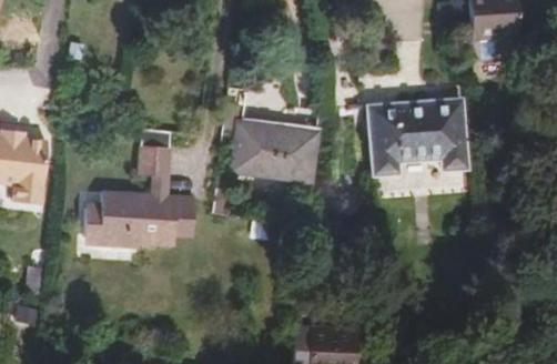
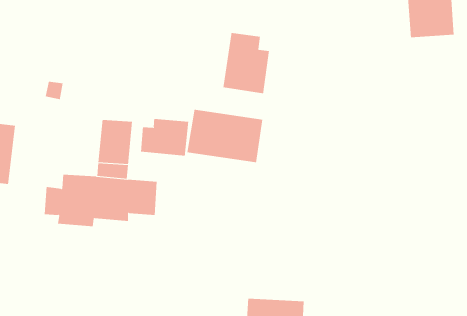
building: none -> [223,32,269,94]
building: [367,95,469,175] -> none
building: none -> [140,118,189,156]

